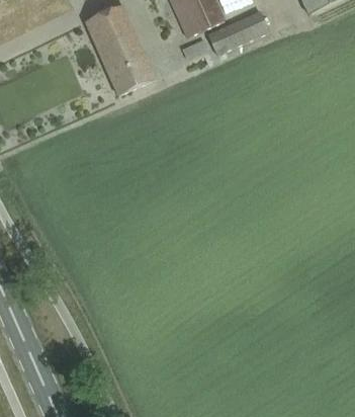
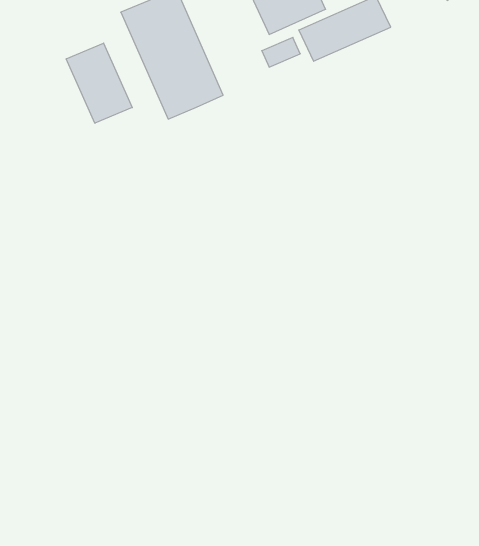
building: none -> [66,43,132,123]

